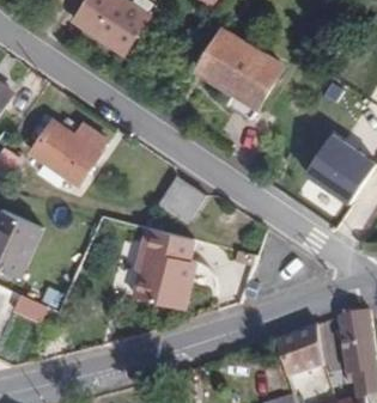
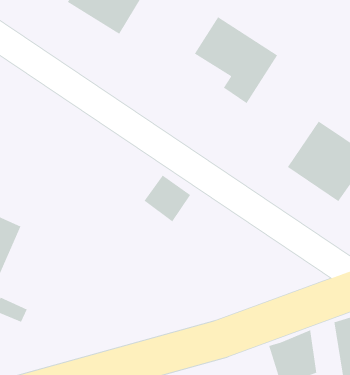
building: [26,126,101,188] -> none
building: [133,225,194,305] -> none

